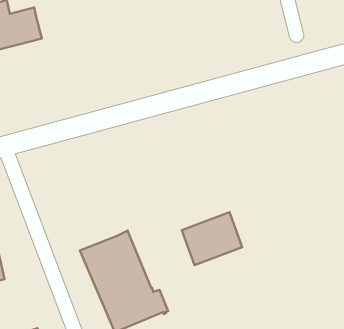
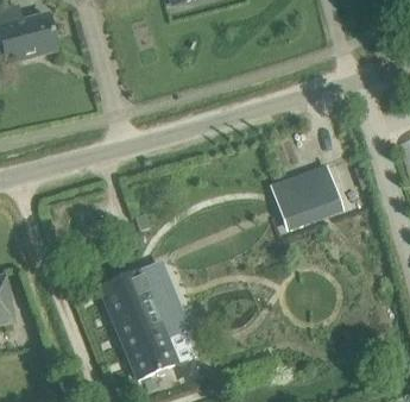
building: [182,212,242,265] -> [271,165,339,225]

